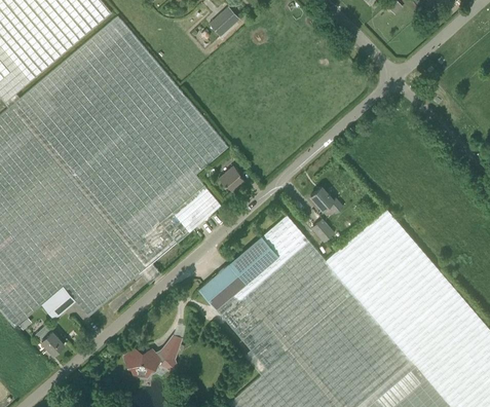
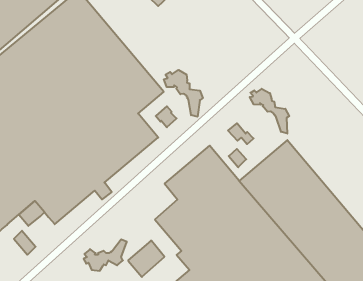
building: none -> [164,70,203,117]
building: none -> [250,89,289,134]
building: [198,264,244,310] -> [128,241,164,277]

